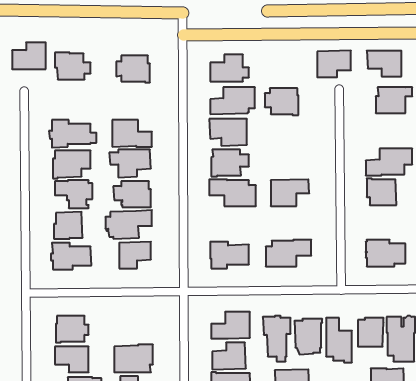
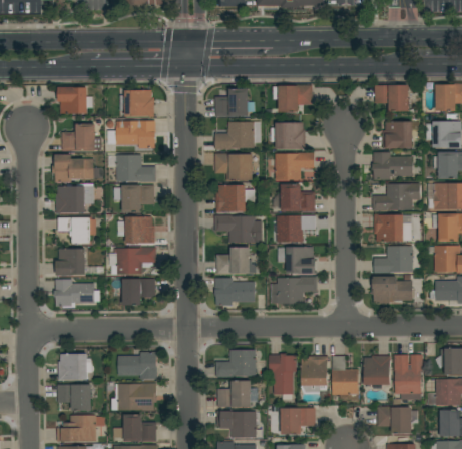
building: [12,42,46,69] -> [61,124,95,151]
building: [317,51,351,77] -> [278,85,312,112]
building: none -> [115,121,155,148]
building: none -> [274,152,313,180]
building: none -> [371,152,412,180]
building: none -> [280,184,314,212]
building: none -> [373,246,412,274]
building: none -> [277,247,315,274]
building: none -> [215,248,255,275]
building: none -> [117,352,156,380]

